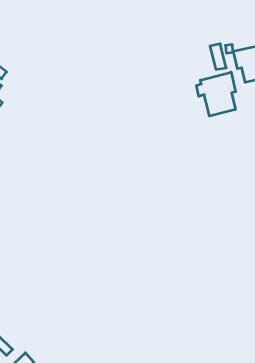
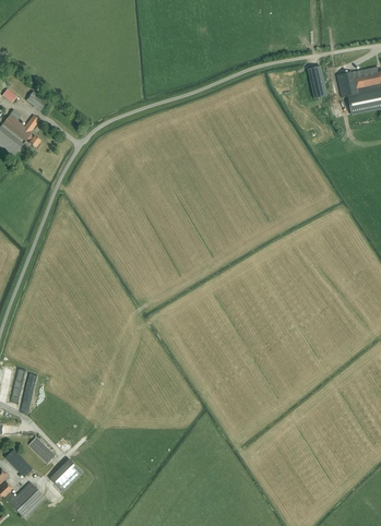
building: [197,72,236,116] -> none

